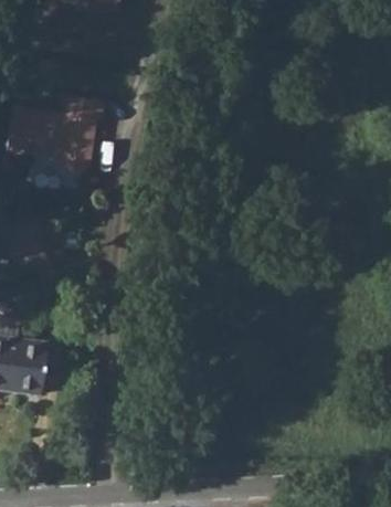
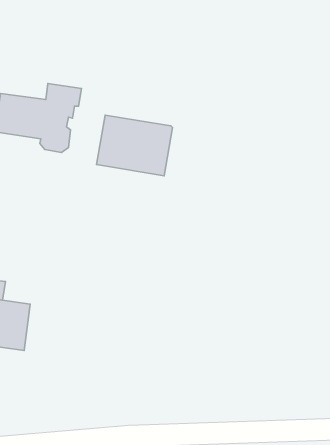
building: none -> [96,115,173,176]

